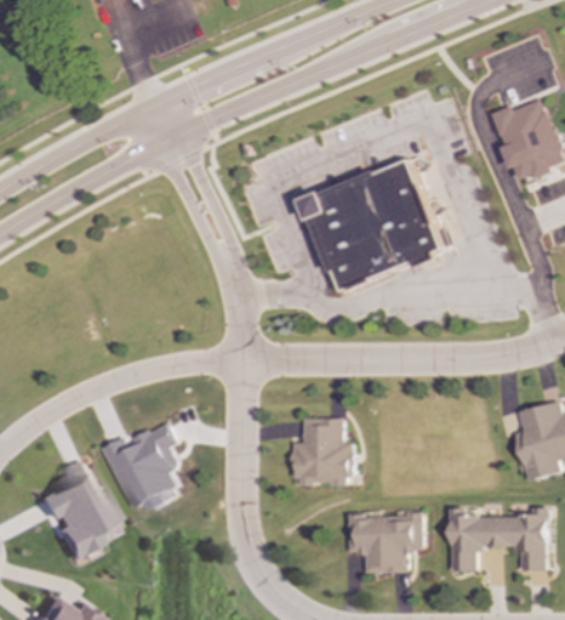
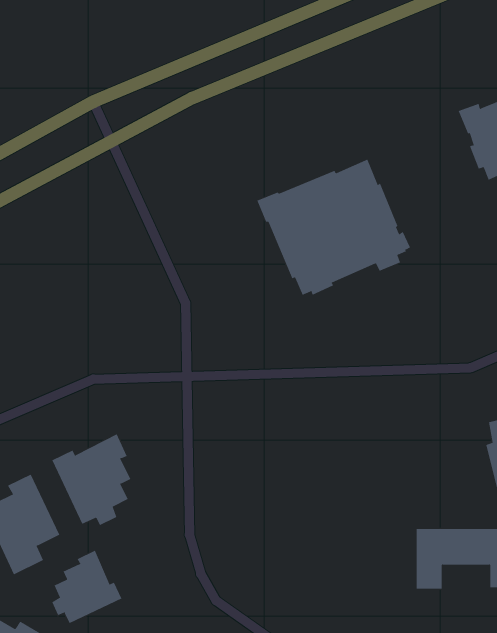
building: [291,419,350,485] -> none
building: [348,514,423,573] -> none
building: none -> [52,550,122,624]

